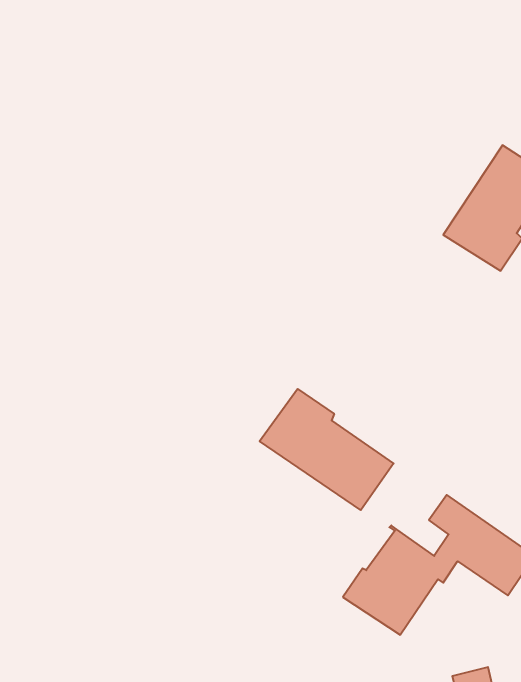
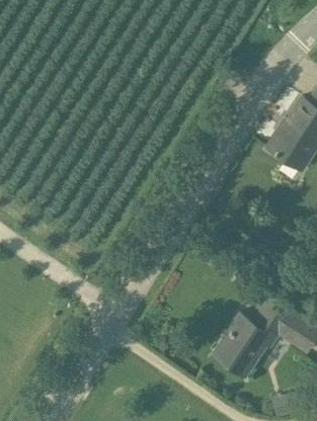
building: [260,389,394,510] -> none

